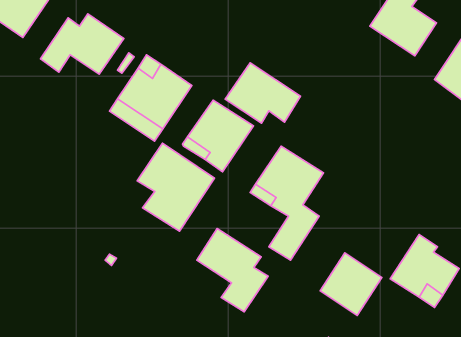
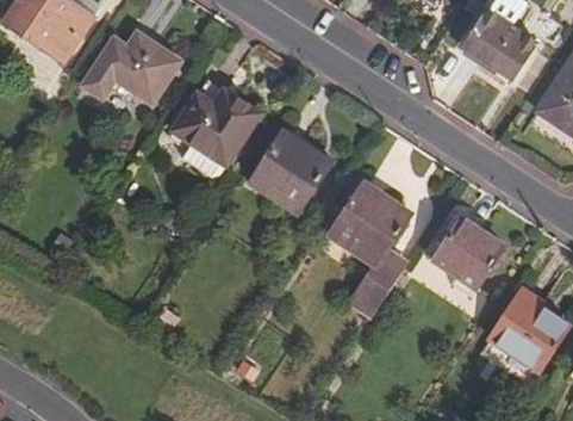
building: [225,63,301,123] -> none
building: [137,143,215,231] -> none
building: [197,228,268,312] -> none
building: [320,253,382,315] -> [434,218,505,291]

